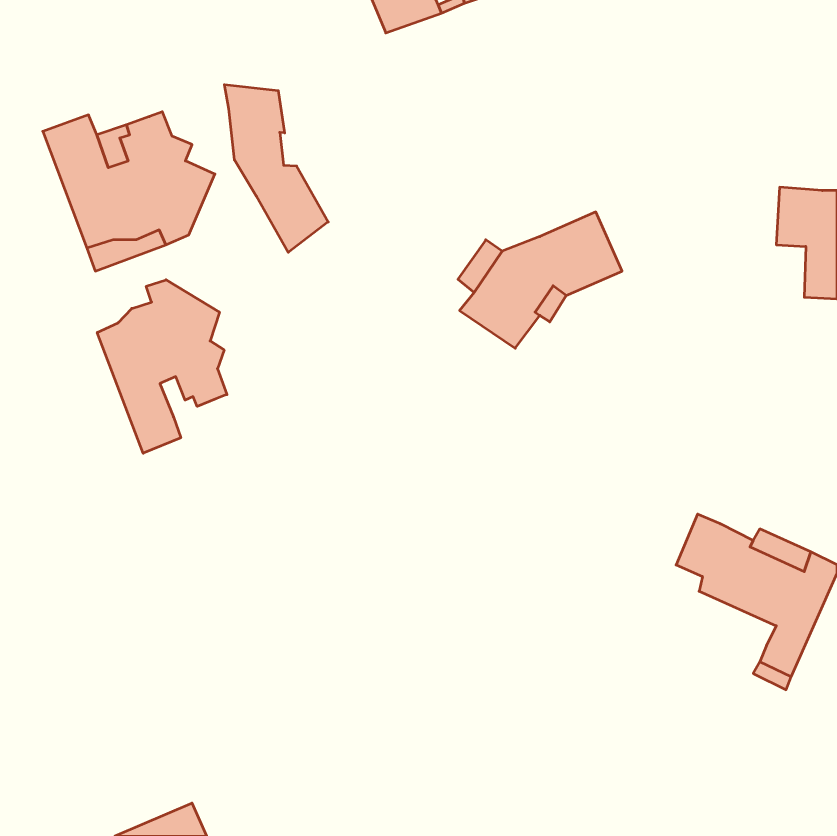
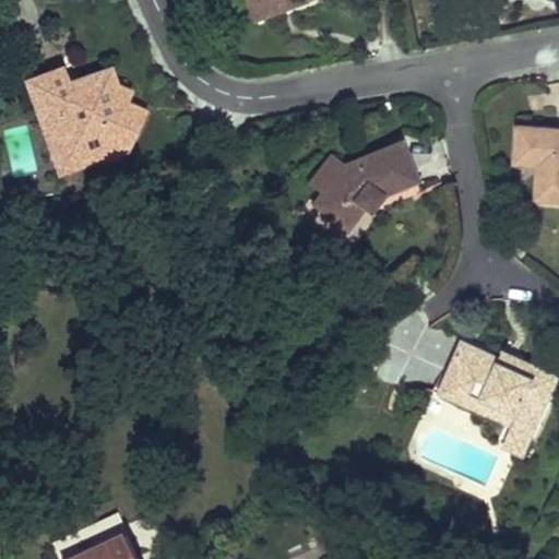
building: [224,85,328,252] -> none
building: [97,280,227,453] -> none
building: none -> [439,376,516,429]

